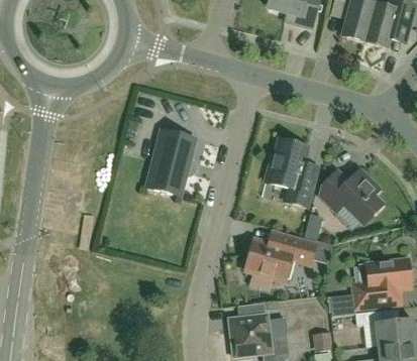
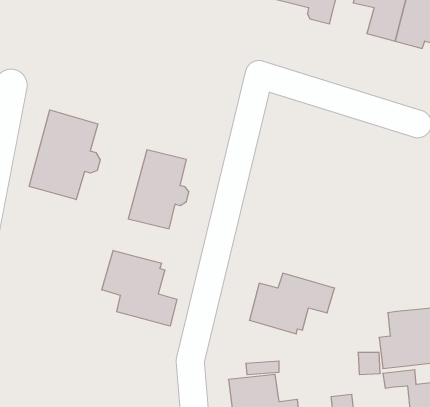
building: none -> [29,110,100,200]
building: [266,139,319,207] -> none
building: [320,168,384,224] -> none
building: none -> [102,250,177,326]

